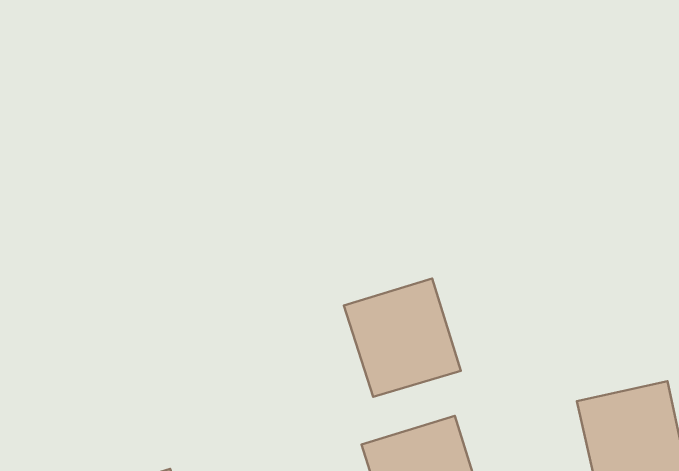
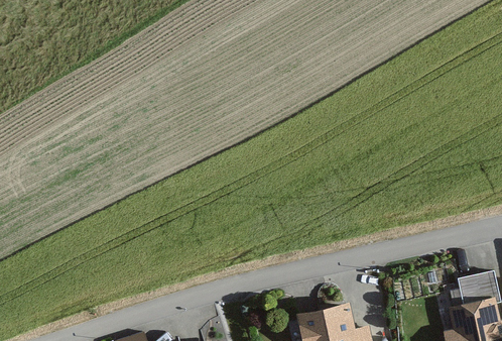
building: [344,278,461,397] -> none

